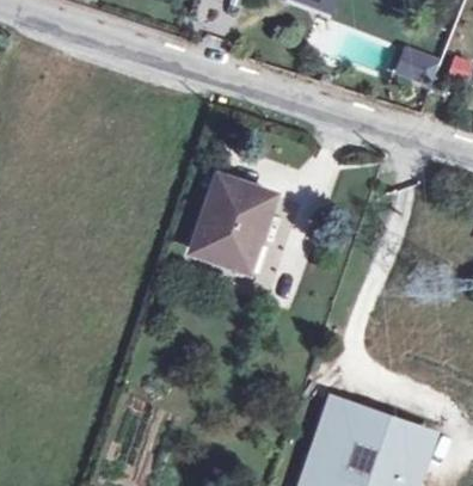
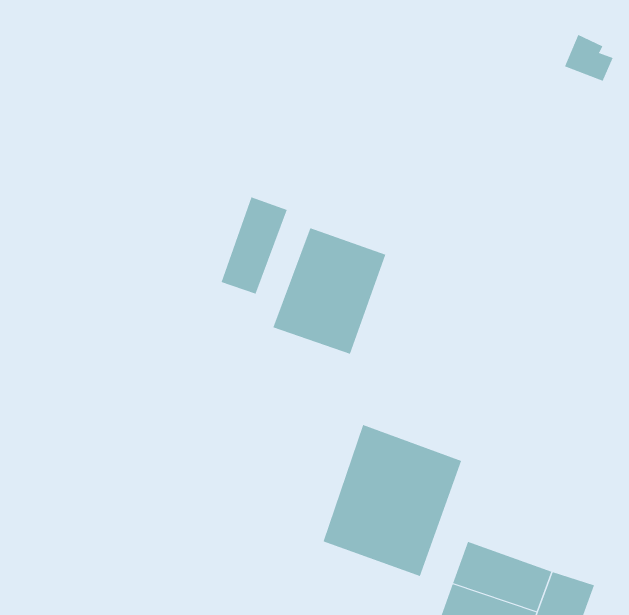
building: none -> [221,197,288,294]
building: none -> [323,424,462,577]

